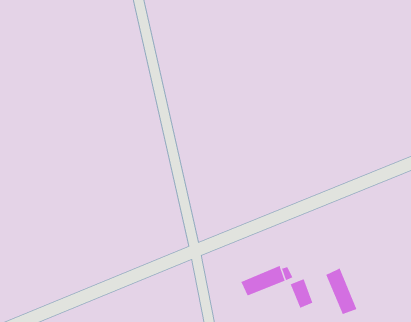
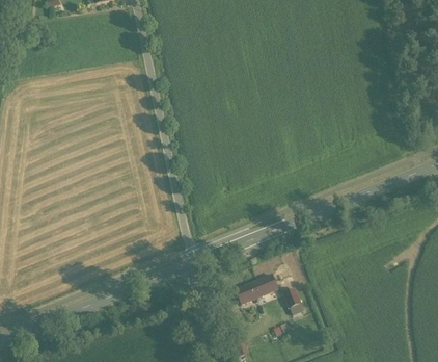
building: [326,268,357,315] -> none

